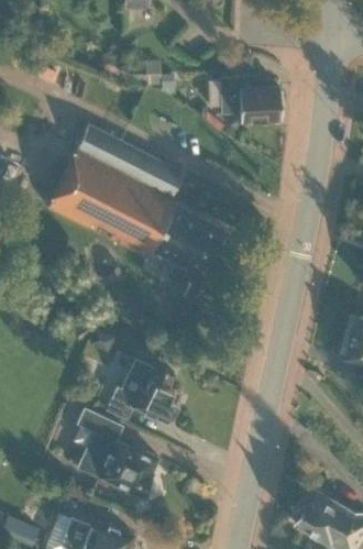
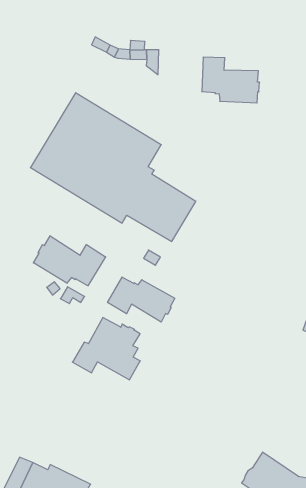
building: none -> [33,236,106,286]
building: none -> [108,277,175,322]
building: [77,408,158,497] -> none

